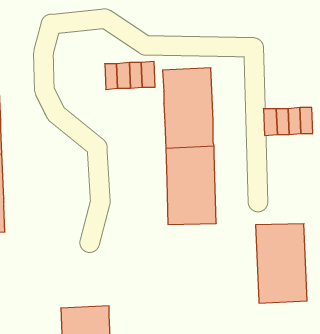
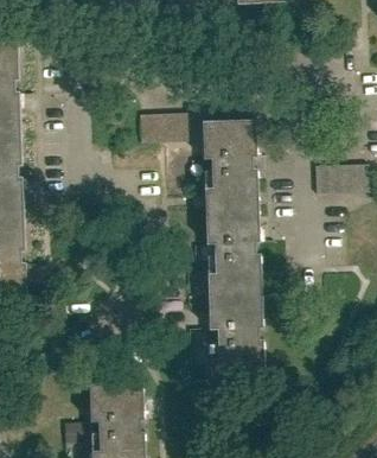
building: [256,224,307,303] -> [207,291,264,379]

